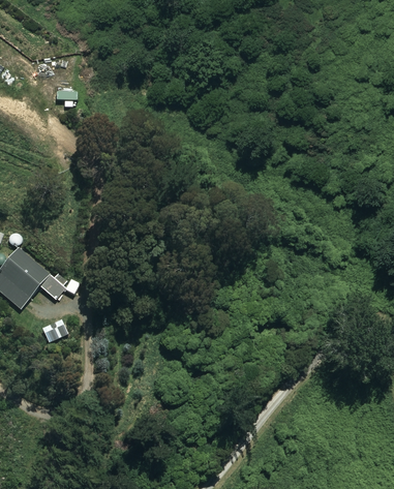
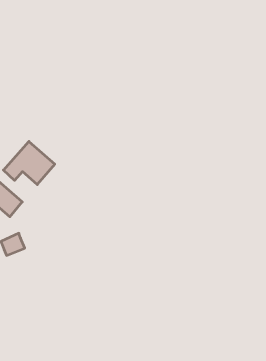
building: none -> [3,141,55,185]

